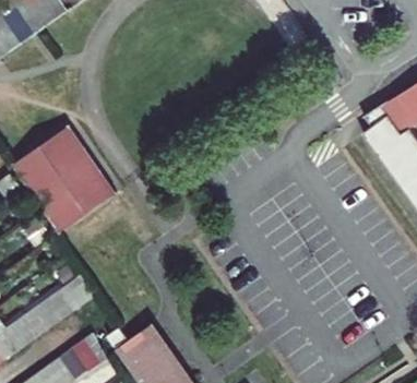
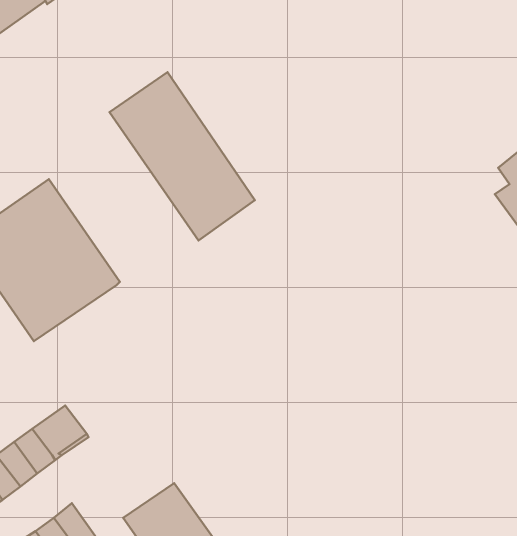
building: none -> [109,72,255,241]

